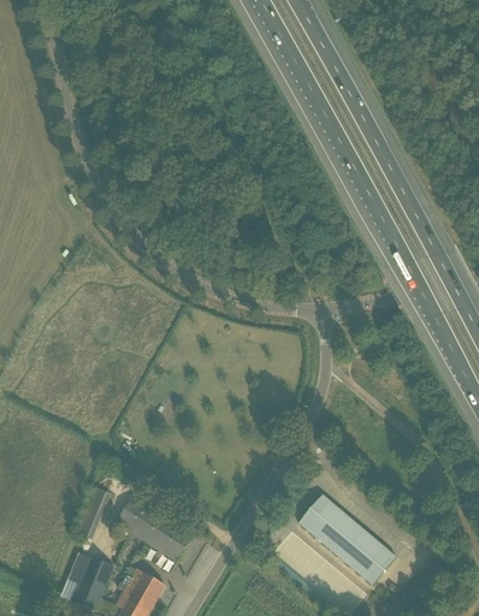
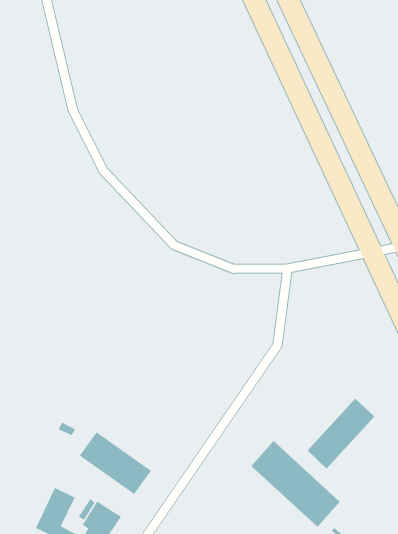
building: none -> [307,398,375,469]

